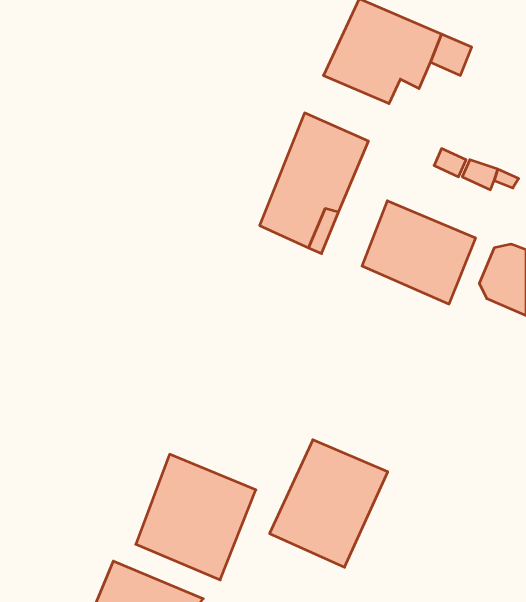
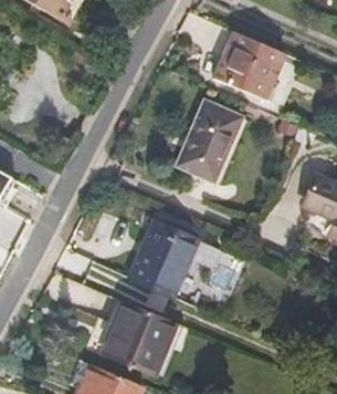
building: [362,201,475,304] -> none
building: [270,440,388,567] -> [127,221,197,297]

